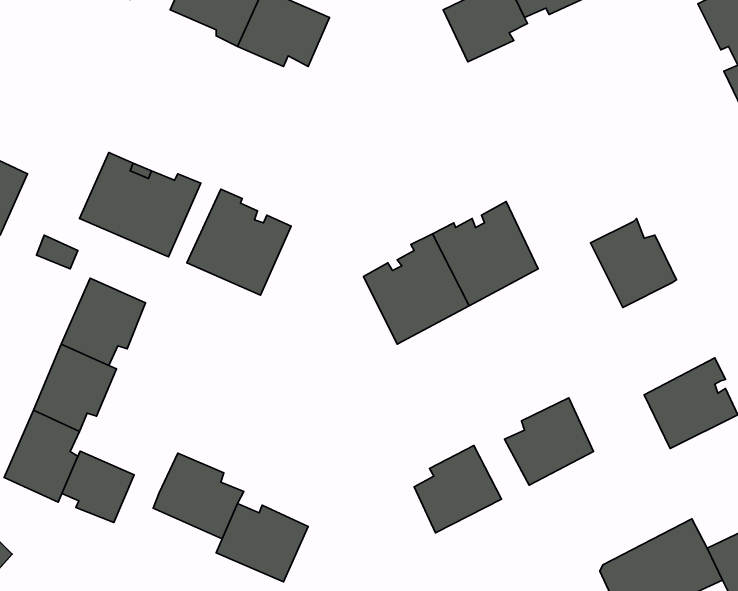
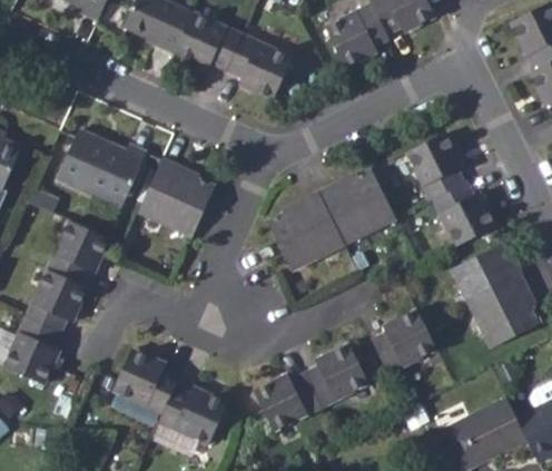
building: none -> [226,33,292,98]
building: none -> [404,130,462,198]
building: none -> [450,242,521,307]
building: [62,451,134,523] -> none
building: none -> [253,374,318,431]

